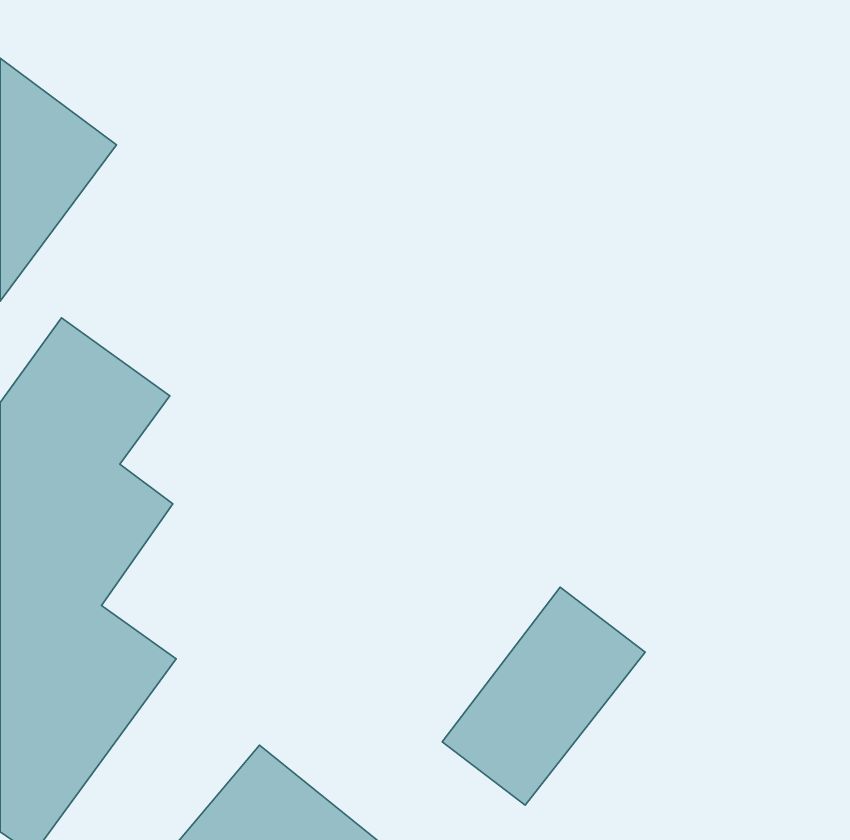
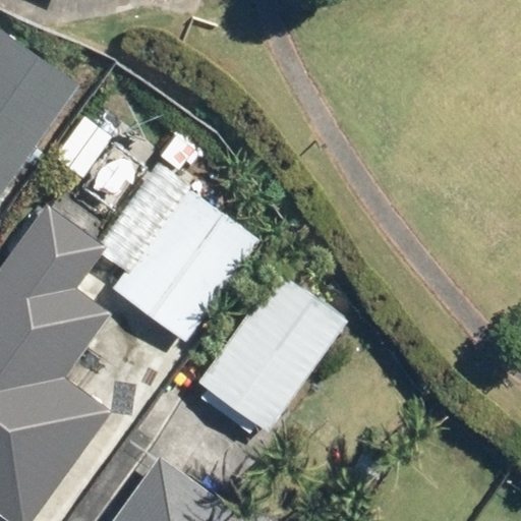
building: none -> [102,182,255,338]
building: [442,587,645,805] -> [202,291,327,424]

